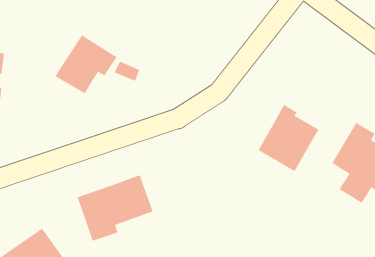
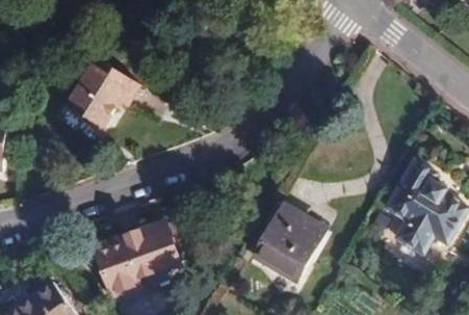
building: [258,104,319,172] -> [253,203,323,281]

